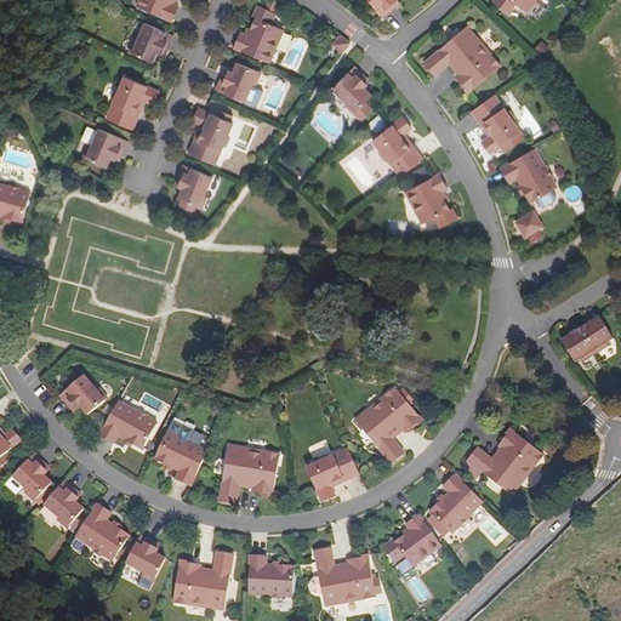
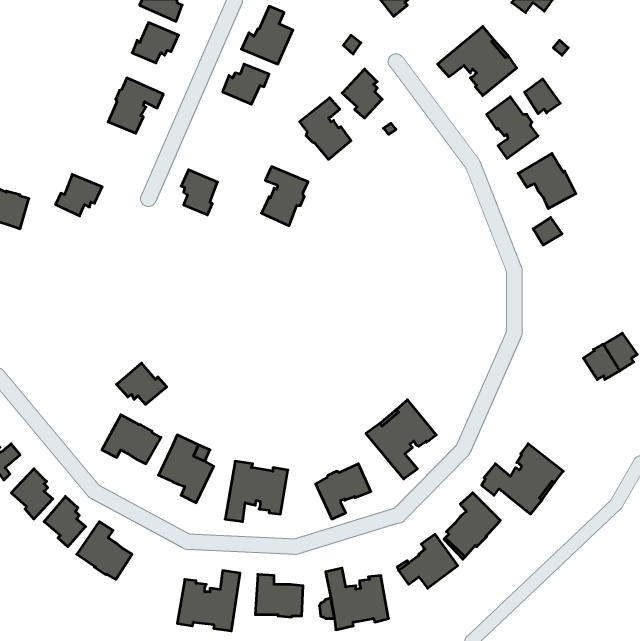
building: none -> [525,79,560,114]
building: [187,108,232,165] -> [261,167,308,226]
building: [371,116,421,176] -> [300,98,351,159]
building: [81,127,126,167] -> [56,174,102,216]
building: [404,173,452,228] -> none
building: [58,374,107,414] -> [116,363,167,404]
building: [124,535,164,580] -> none

